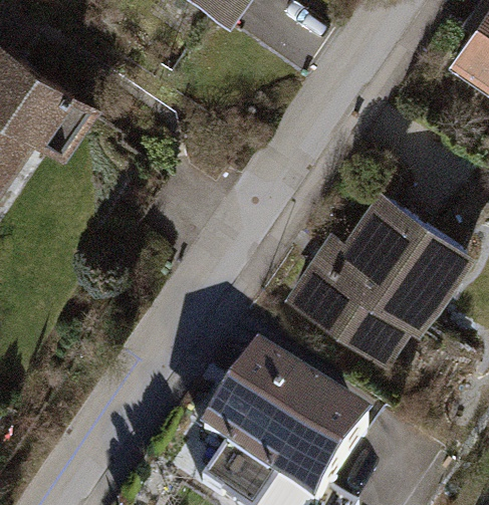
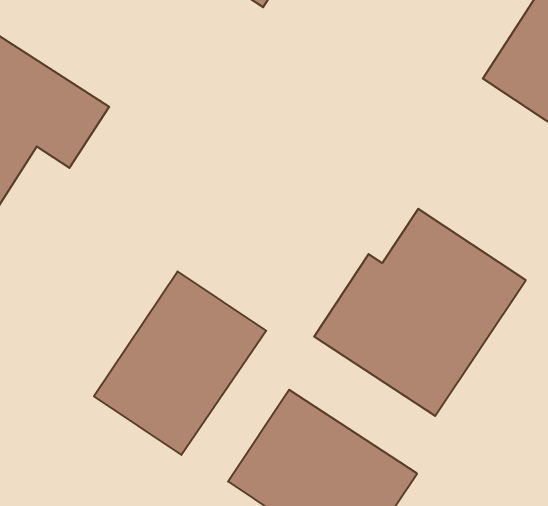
building: none -> [94,271,266,455]

